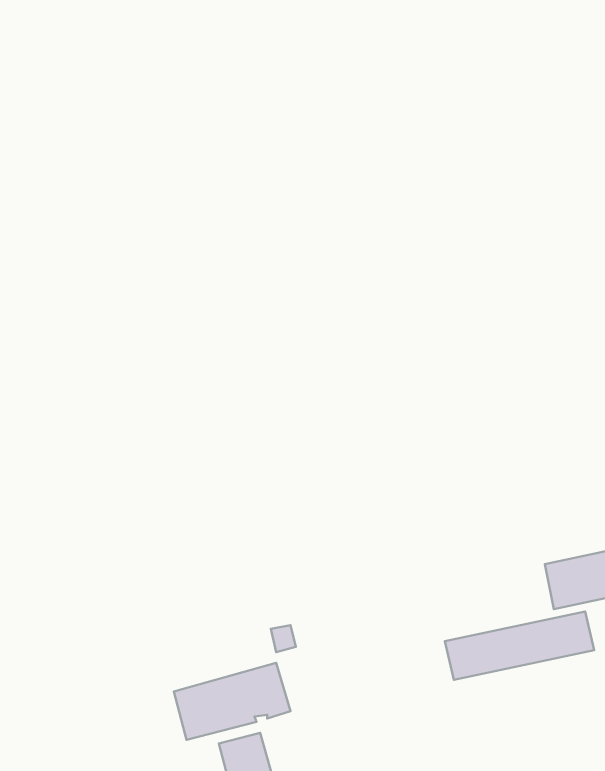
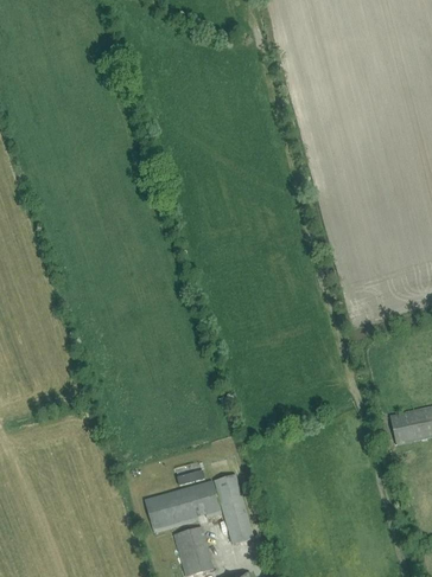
building: [445,611,594,680] -> none
building: none -> [212,474,253,544]

